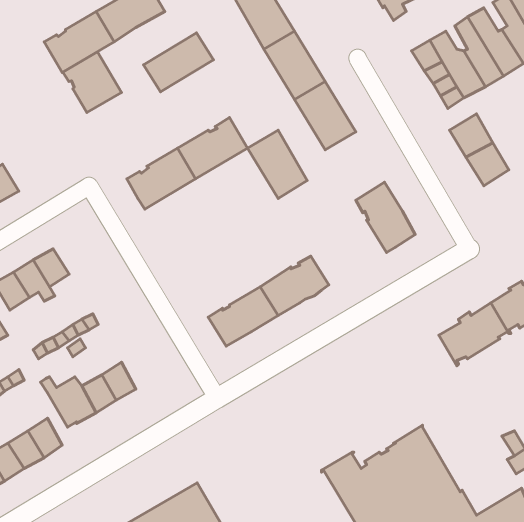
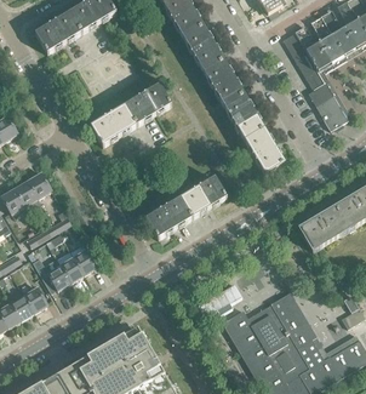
building: [144,33,214,92] -> none
building: [63,52,121,113] -> none
building: [248,130,307,199] -> [224,92,264,138]

